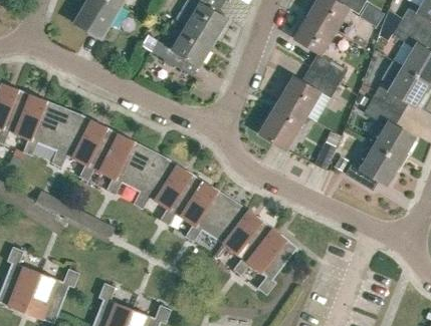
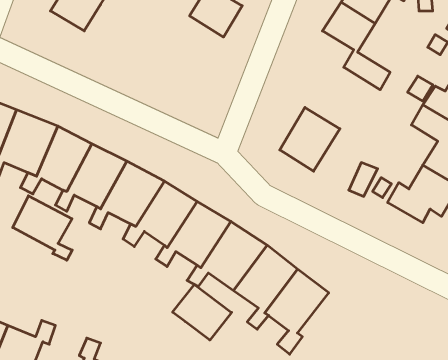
building: [152,26,213,67] -> none
building: [278,67,339,116] -> none
building: none -> [13,196,72,260]
building: none -> [173,285,232,340]

